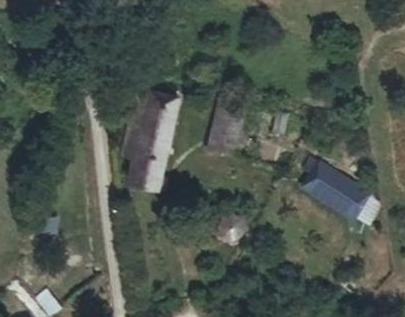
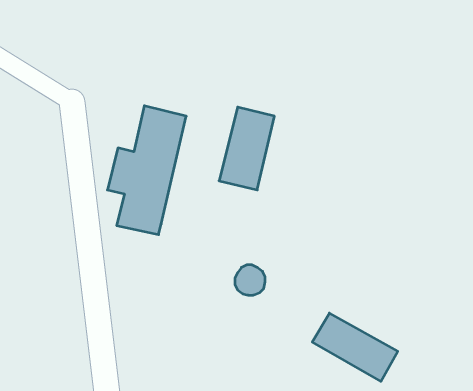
building: [302,166,368,218] -> [312,313,398,381]

